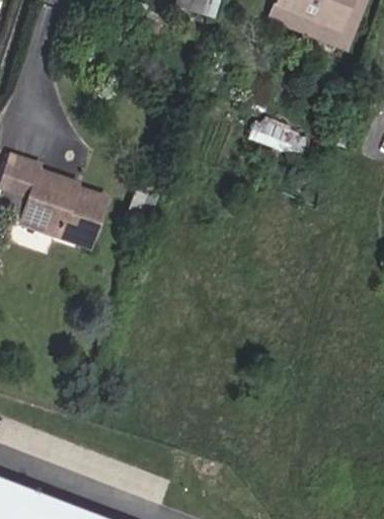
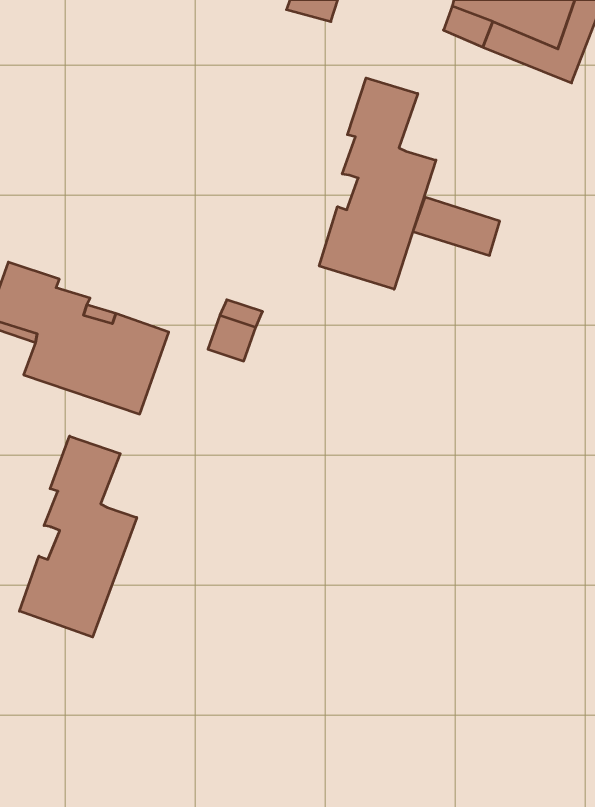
building: none -> [319,78,436,289]
building: none -> [19,436,137,637]

